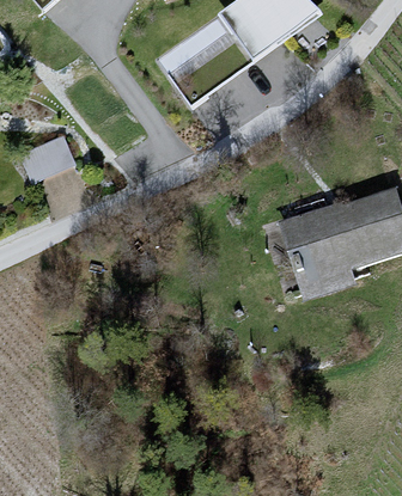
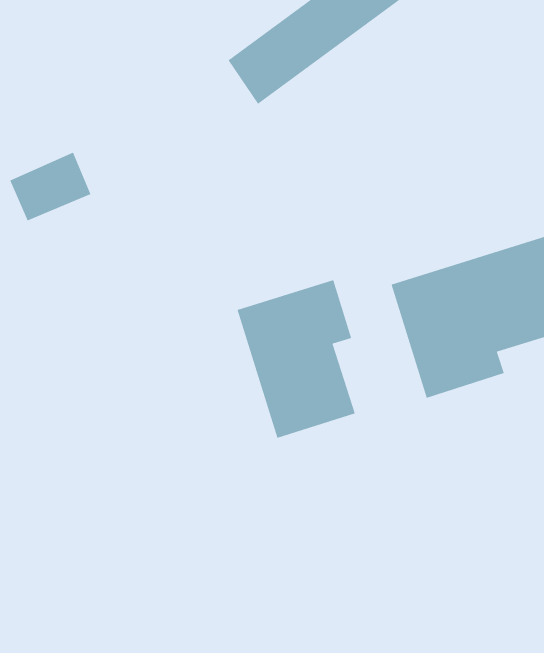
building: none -> [236,279,356,439]

